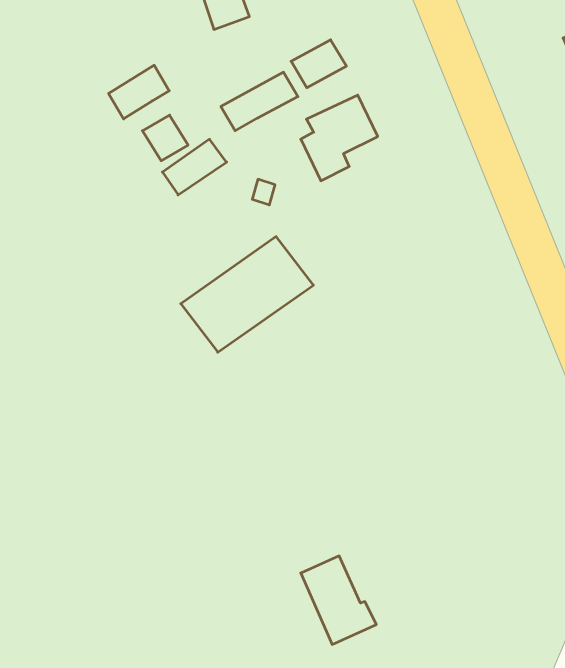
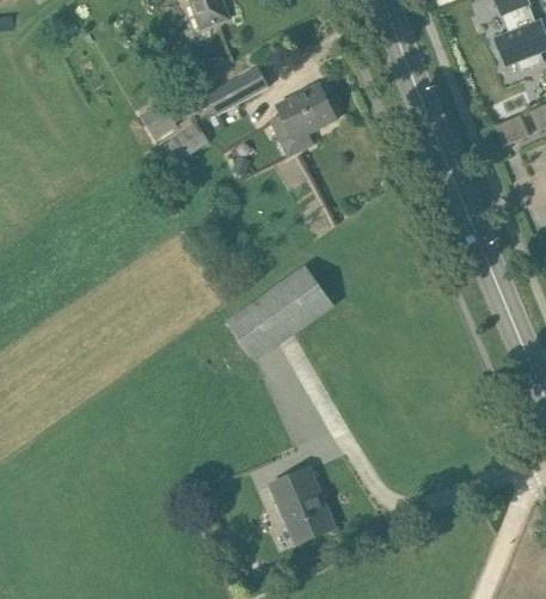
building: [291,40,346,88] -> none
building: [109,65,169,119] -> none
building: [181,237,313,352] -> [223,264,335,361]

